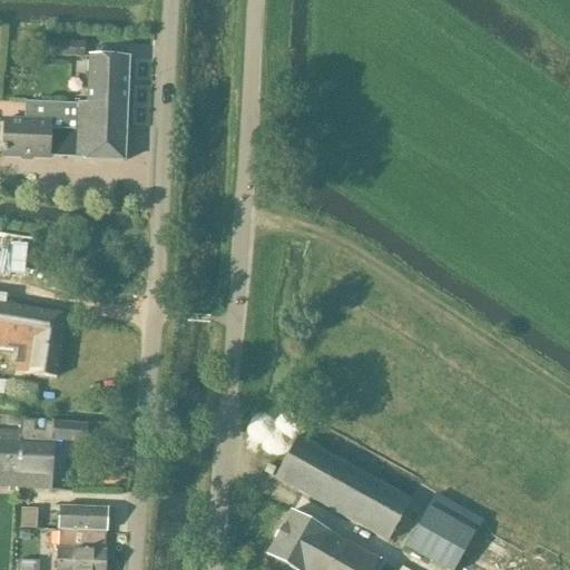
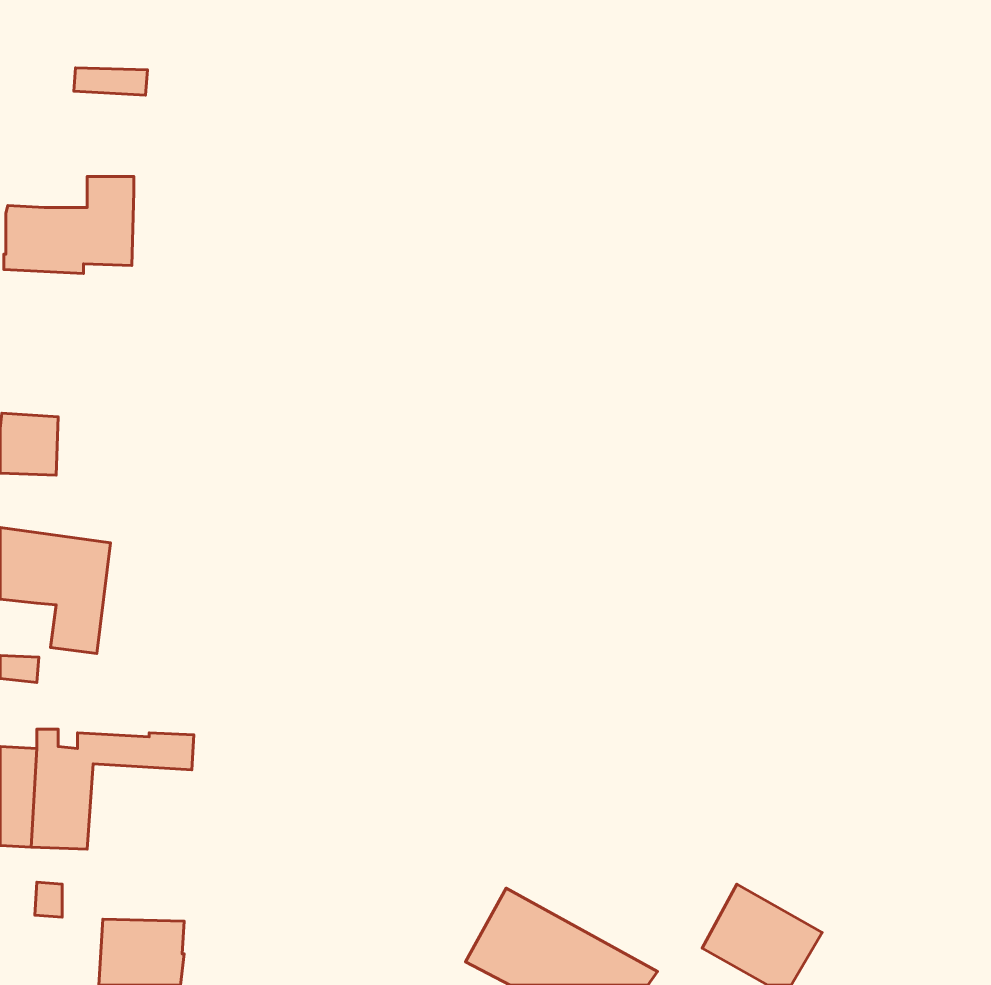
building: [76,55,128,159] -> none
building: [274,434,411,539] -> none
building: [59,504,107,529] -> none

